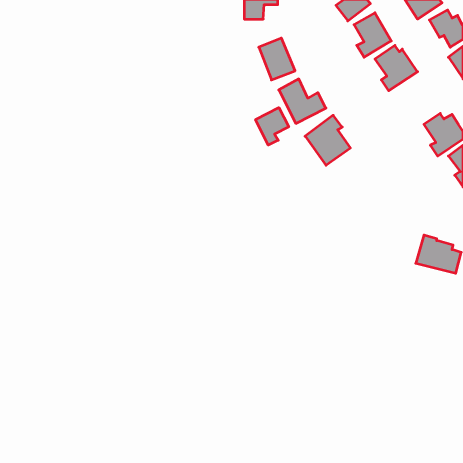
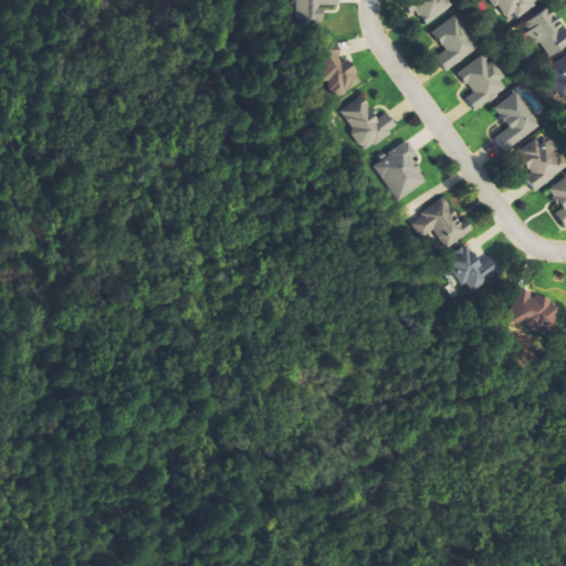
building: none -> [492,91,541,151]
building: [256,108,289,145] -> none
building: none -> [413,198,473,253]
building: none -> [444,243,502,294]

